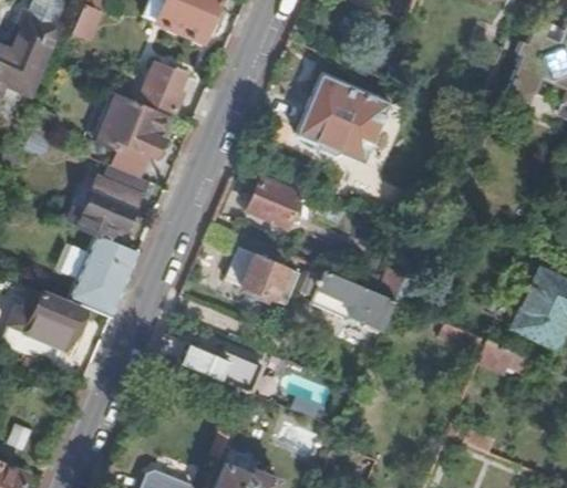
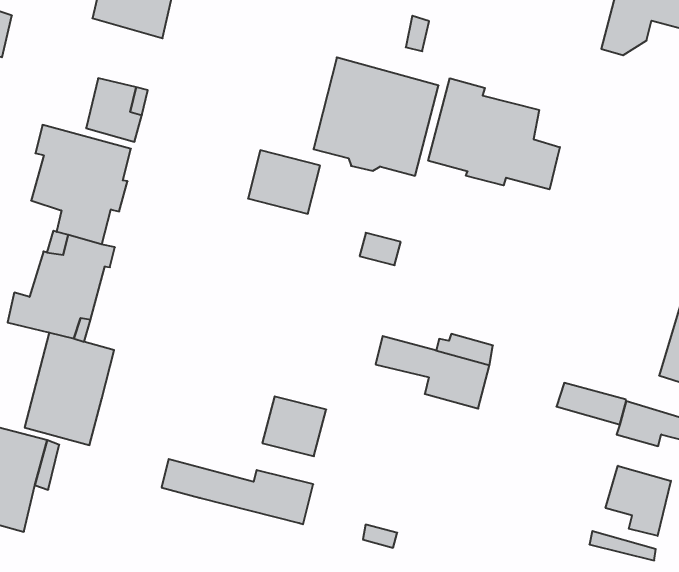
building: none -> [428,78,560,189]
building: [248,178,301,227] -> [248,150,320,214]
building: [240,255,288,300] -> [262,396,326,456]
building: none -> [606,466,671,536]

